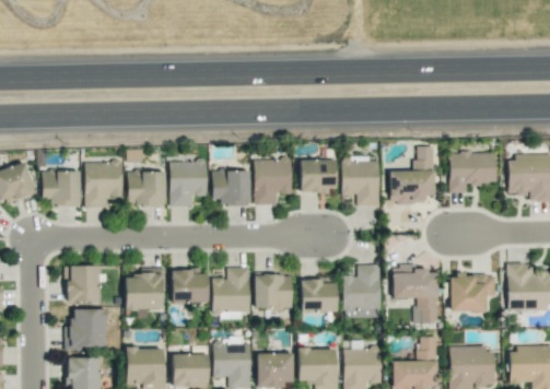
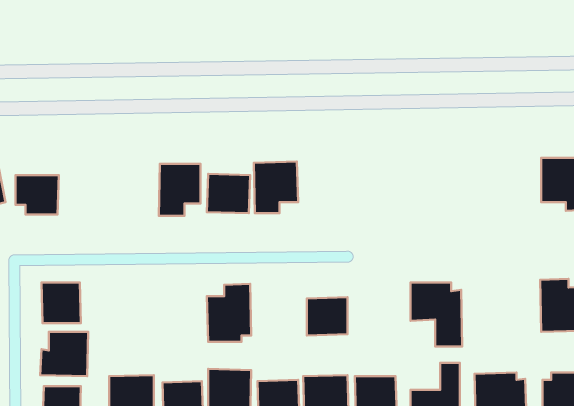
building: [389,146,434,204] -> none
building: [449,152,496,193] -> none
building: [341,157,379,207] -> none
building: [300,160,336,192] -> none
building: [85,162,124,208] -> none
building: [128,170,166,205] -> none
building: [342,264,381,318] -> none
building: [172,270,208,304] -> none
building: [125,272,164,309] -> none
building: [255,274,293,308] -> none
building: [449,274,495,313] -> none

